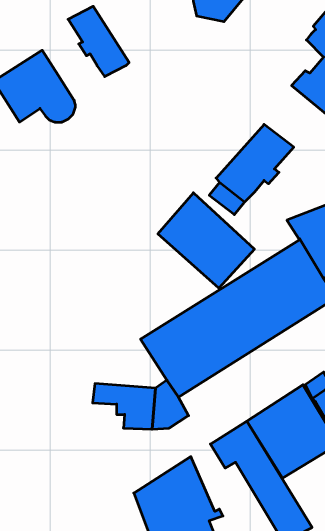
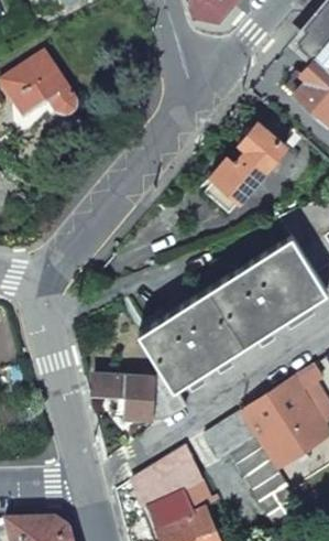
building: [68,6,129,77] -> none
building: [158,193,254,288] -> none

